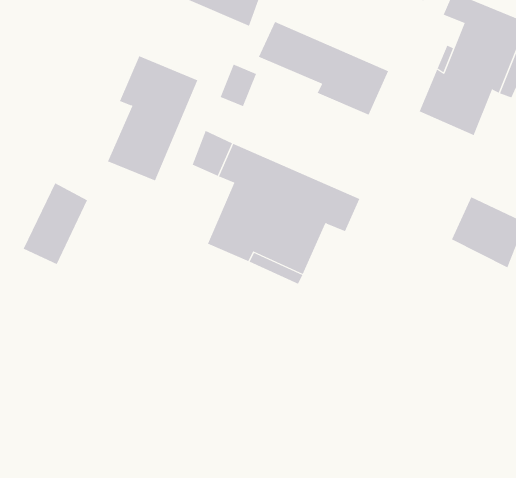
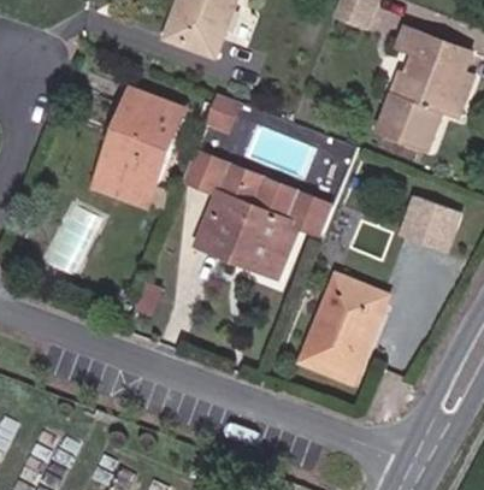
building: [258,21,389,116] -> none
building: none -> [94,130,149,206]
building: none -> [300,268,395,388]

